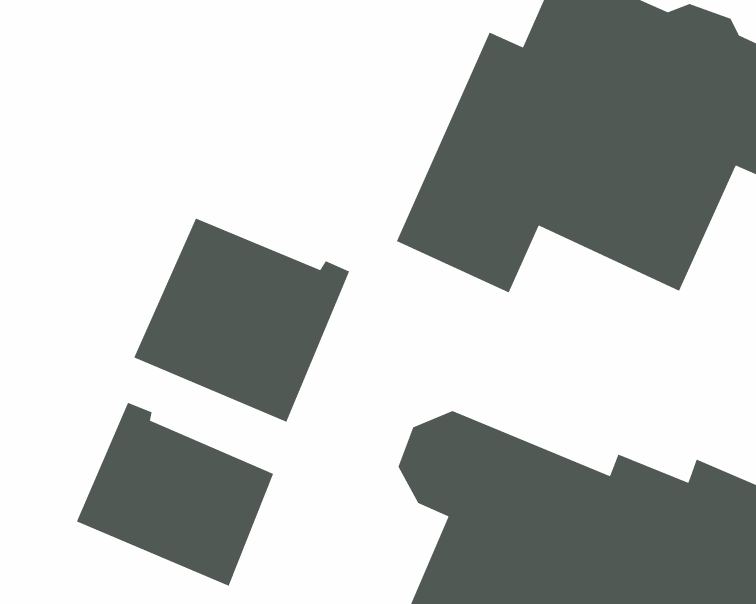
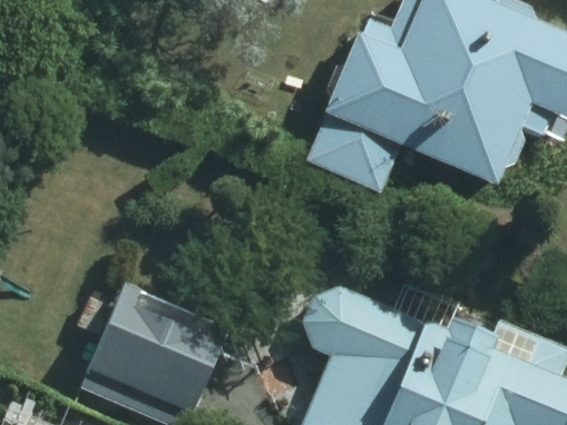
building: [133,218,350,423] -> none

